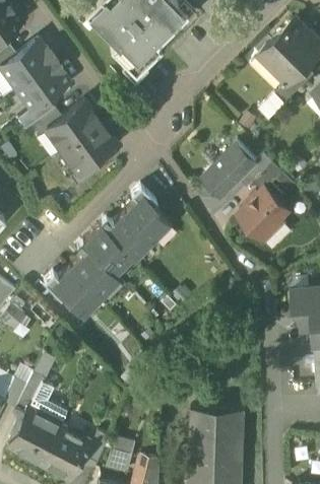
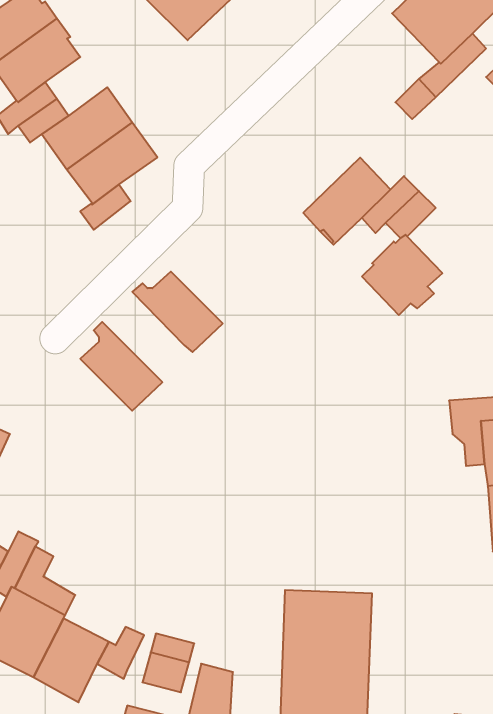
building: [124,187,174,245] -> none
building: [82,225,132,275] -> none
building: [44,266,101,316] -> none

